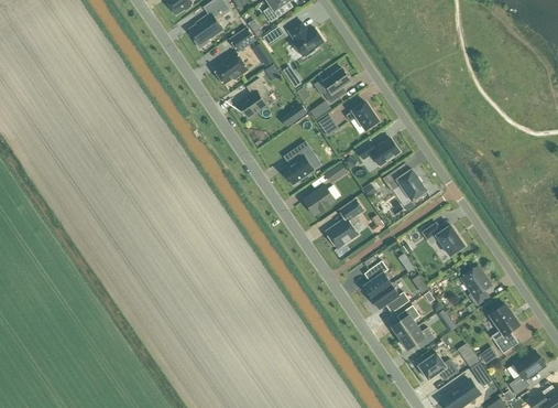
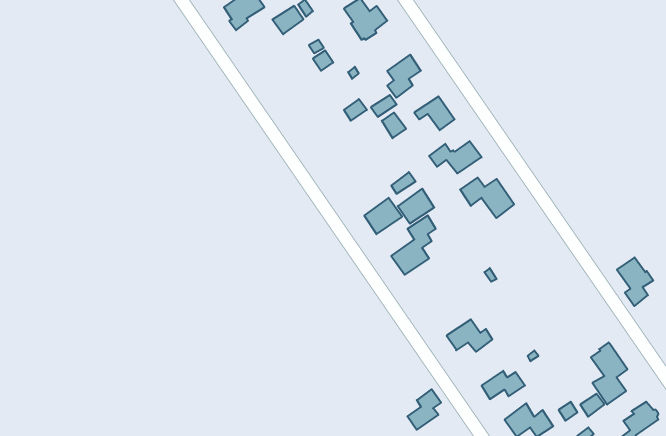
building: [214,52,248,84] -> none
building: [238,77,267,118] -> none
building: [283,154,313,183] -> [398,189,434,224]
building: [423,223,464,255] -> none
building: [362,260,391,297] -> none
building: [461,266,491,305] -> [617,257,653,306]
building: [392,304,419,337] -> [407,389,441,430]

